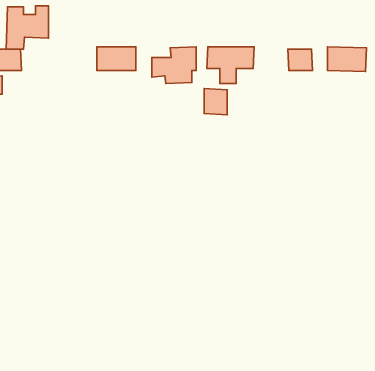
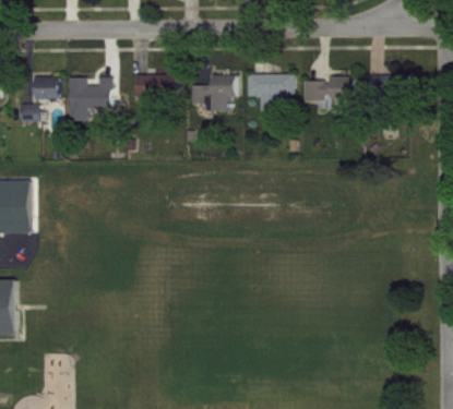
building: [6,6,48,49] -> [69,77,111,121]
building: none -> [302,82,329,109]
building: [204,89,227,115] -> none

